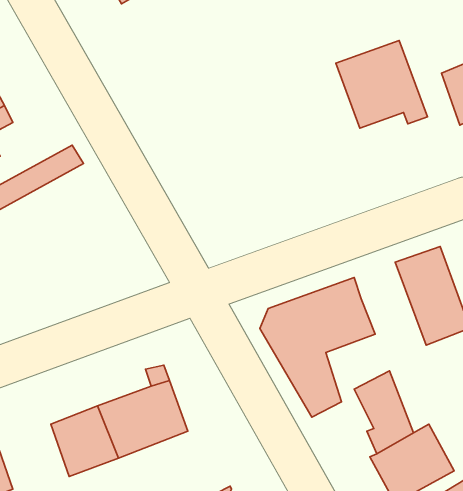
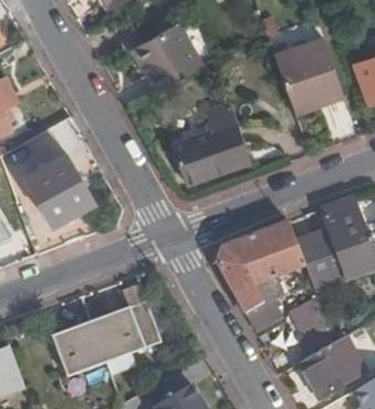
building: none -> [135,27,203,91]
building: none -> [174,109,251,181]
building: none -> [26,151,98,224]
building: none -> [294,227,342,291]

